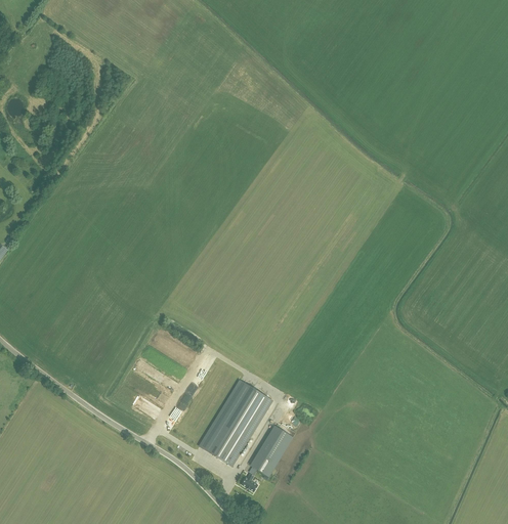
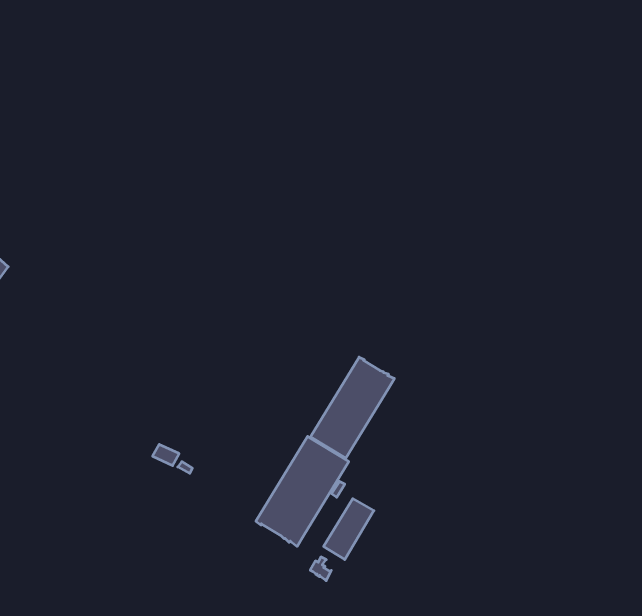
building: none -> [311,357,394,458]

